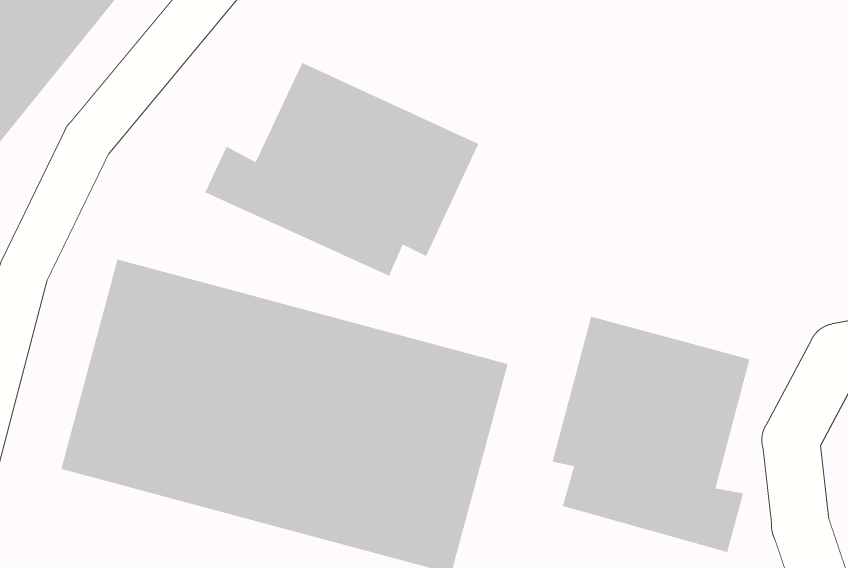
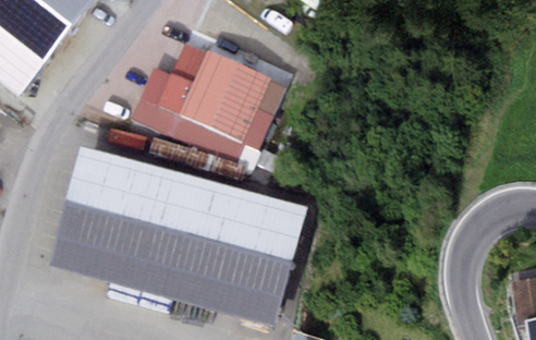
building: [552,316,750,553] -> none

